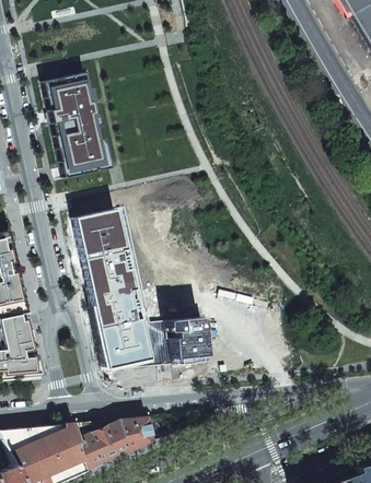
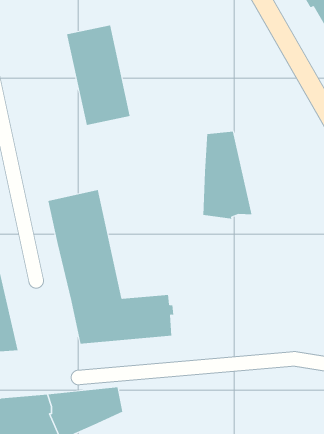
building: [43,72,111,178] -> [66,25,131,126]
building: none -> [203,131,252,220]

